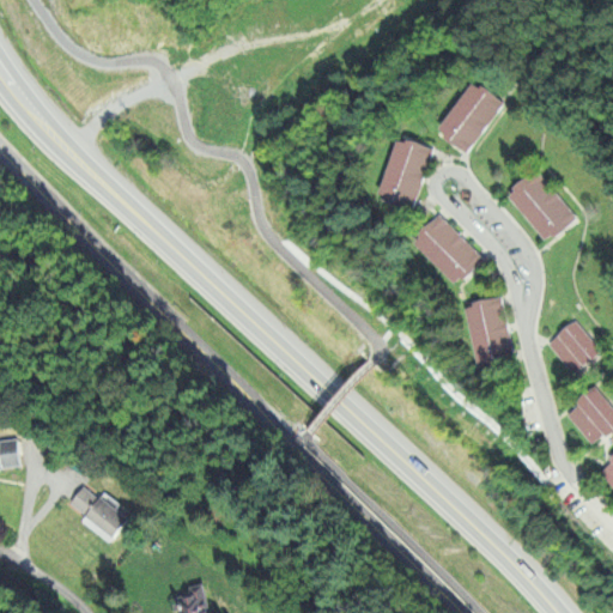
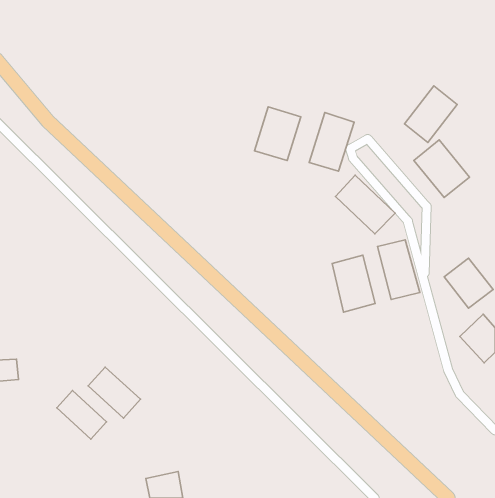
building: [435,83,499,152] -> [404,86,457,143]
building: none -> [254,107,301,161]
building: none -> [332,255,375,312]
building: none -> [88,367,140,418]

